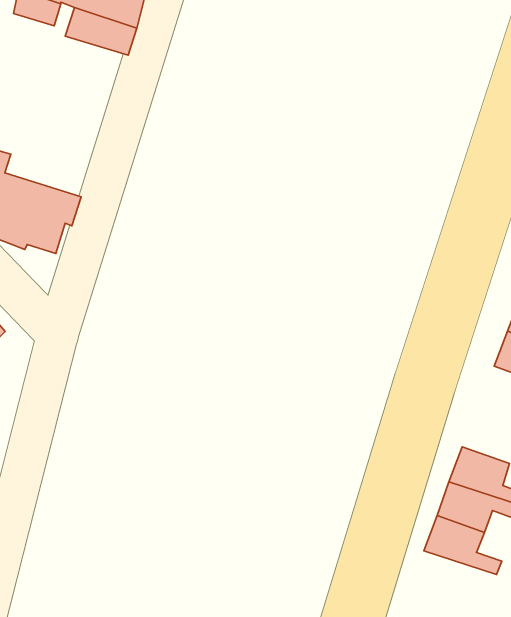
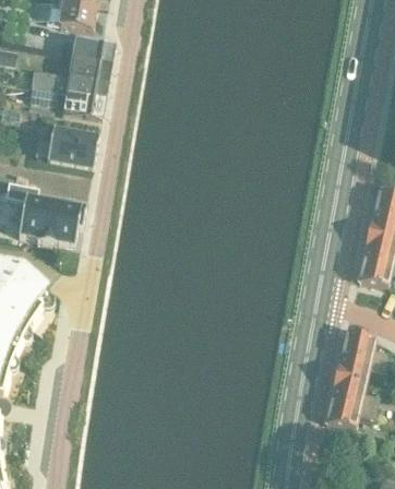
building: none -> [47,122,98,166]
building: none -> [323,398,374,428]

